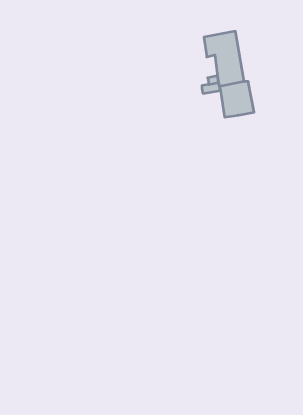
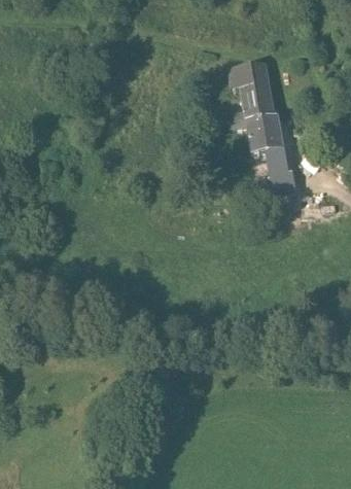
building: none -> [267,146,294,189]

